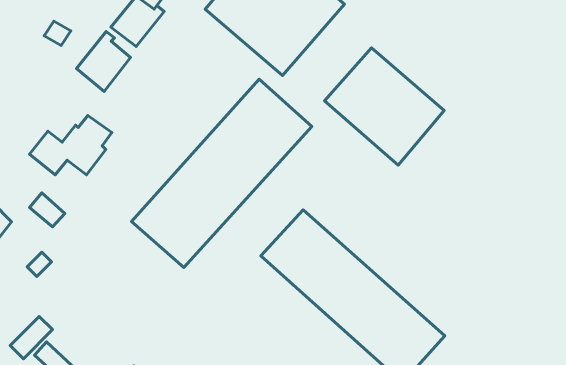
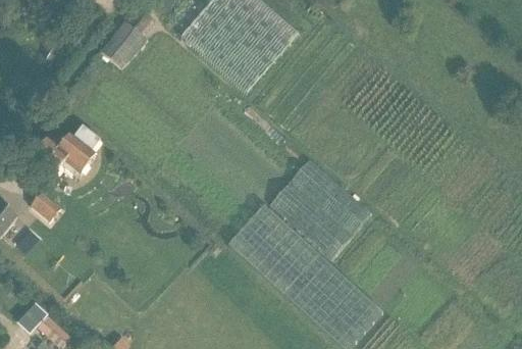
building: [76,31,130,91] -> none
building: [324,48,444,165] -> [270,159,371,258]
building: [131,79,312,267] -> none

